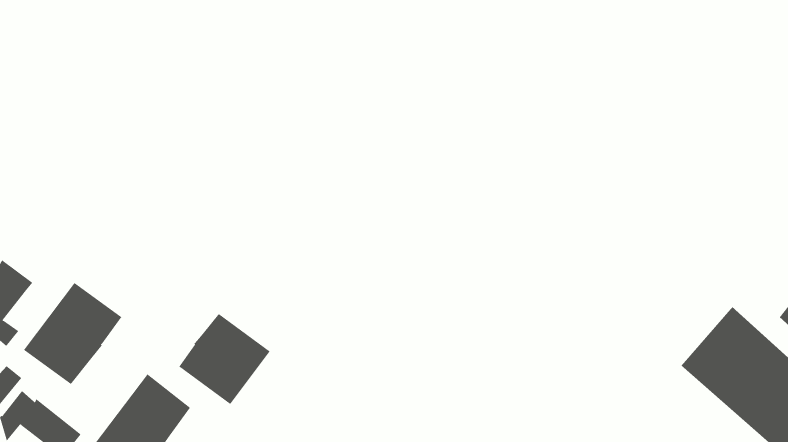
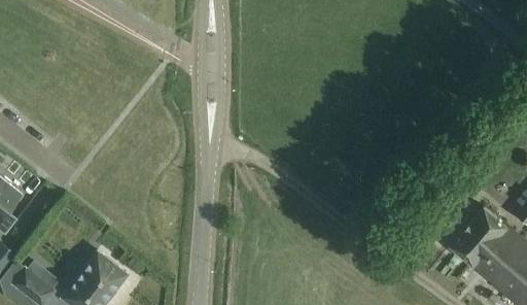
building: [23,282,122,385] -> none
building: [178,313,270,405] -> none

